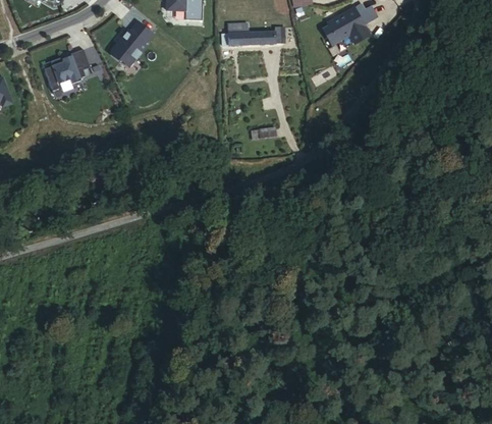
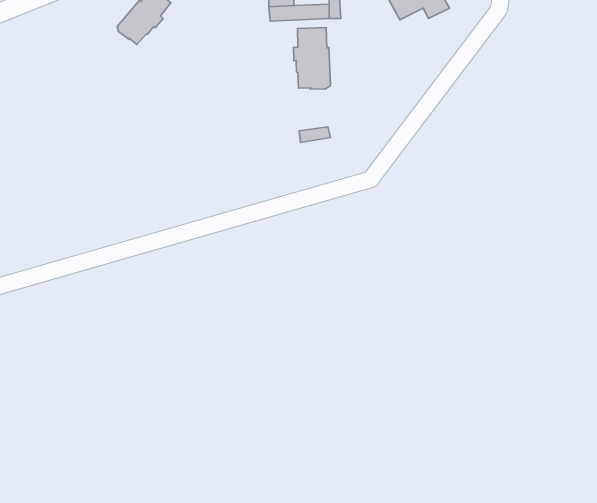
building: [44,47,90,89] -> none
building: none -> [293,27,330,89]

